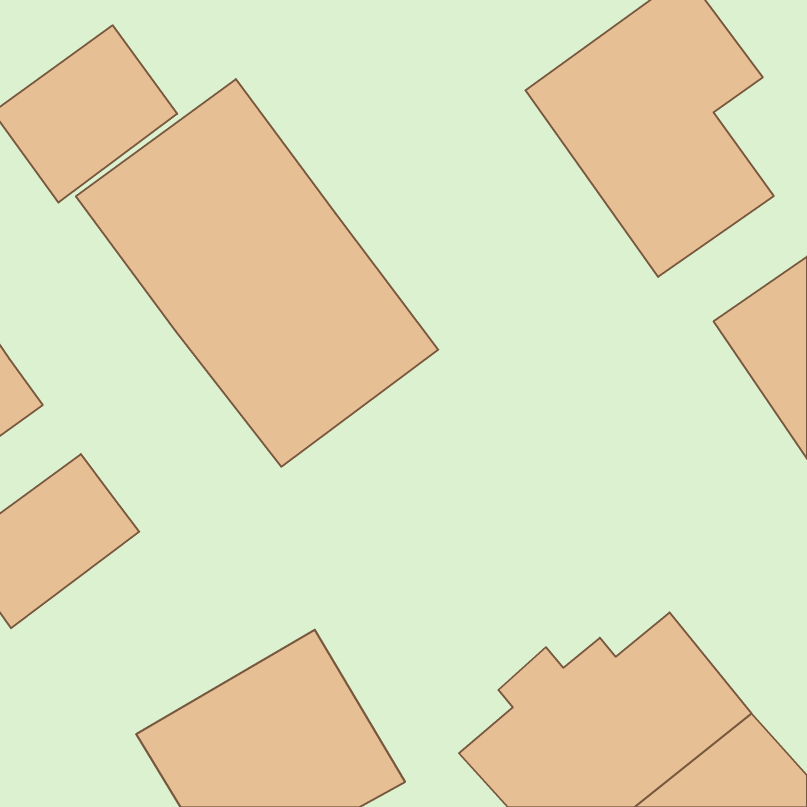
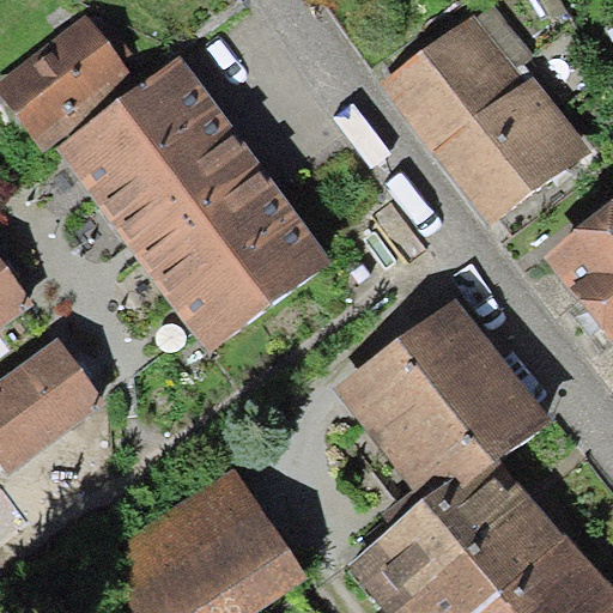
building: none -> [339,301,557,505]

